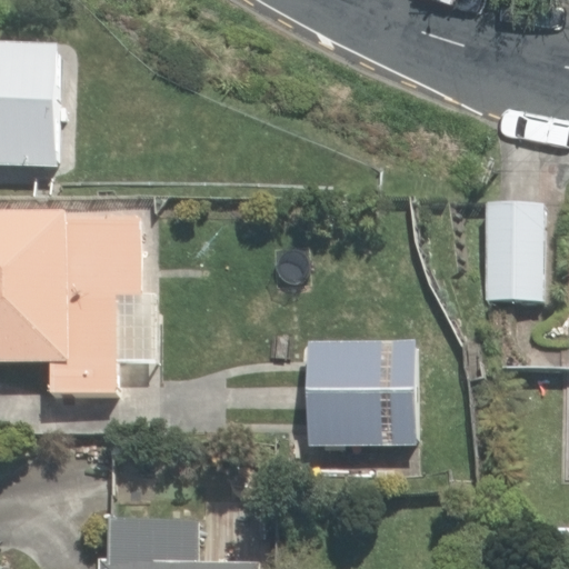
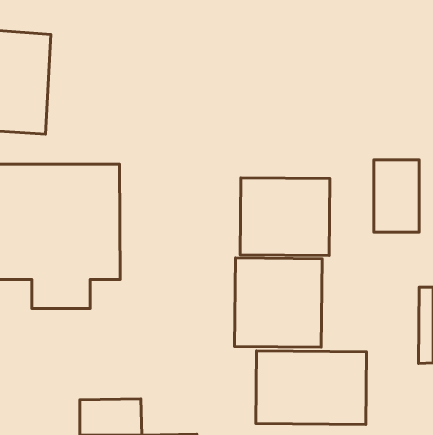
building: none -> [240,178,330,256]
building: none -> [256,351,366,424]

